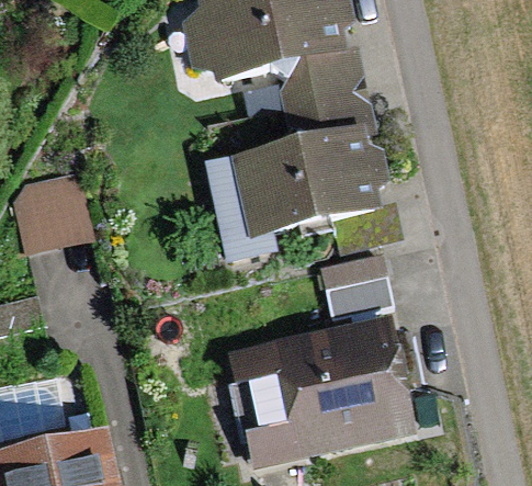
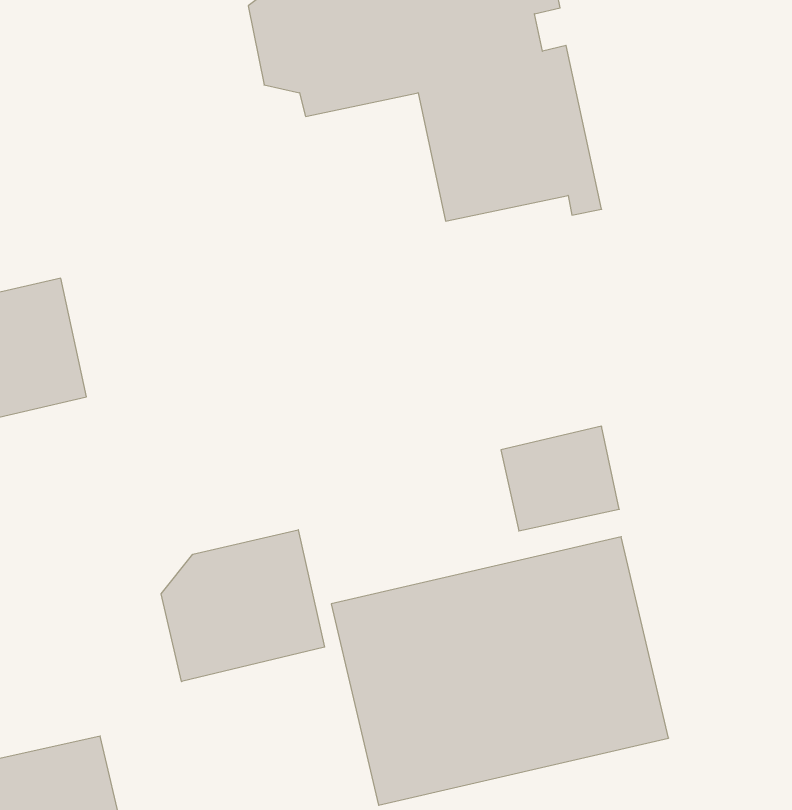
building: [202,126,386,258] -> none
building: none -> [161,530,325,682]

